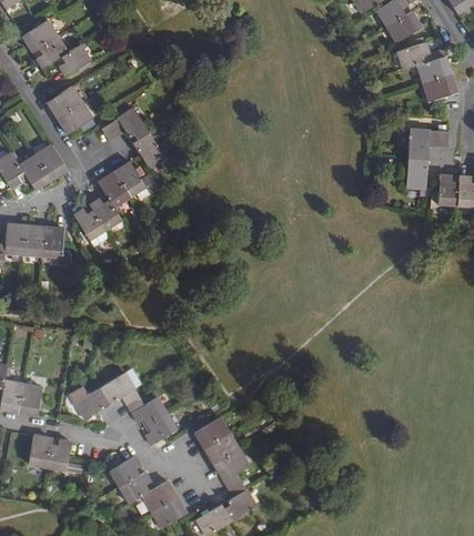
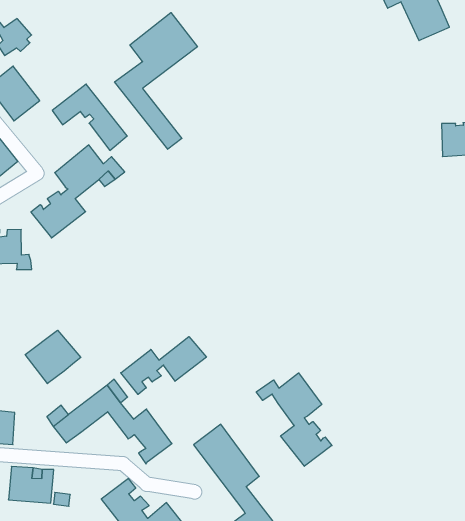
building: none -> [115,13,197,149]
building: [406,128,447,188] -> none
building: none -> [25,330,81,384]
building: none -> [121,337,206,394]
building: none -> [256,373,332,466]

